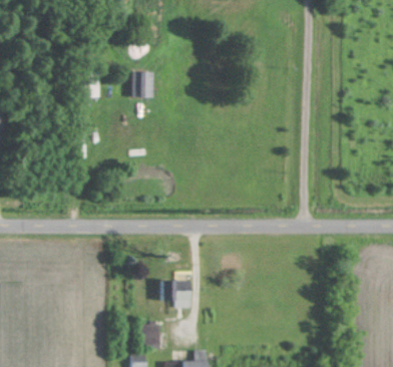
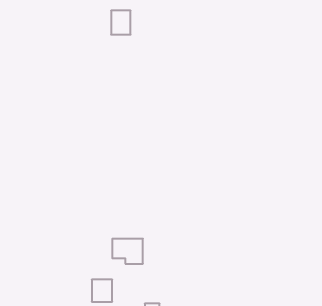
building: [134,71,155,97] -> [111,11,131,35]

